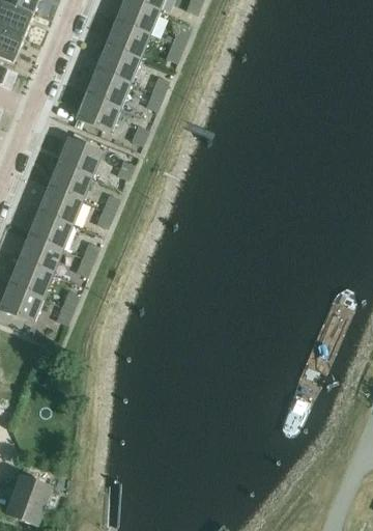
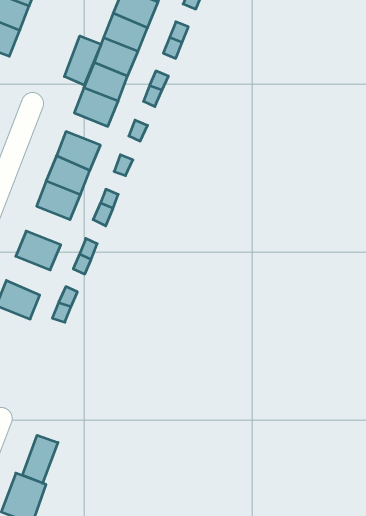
building: none -> [64,36,101,85]
building: [30,207,74,246] -> none
building: [10,257,54,296] -> none
building: none -> [23,435,58,483]

